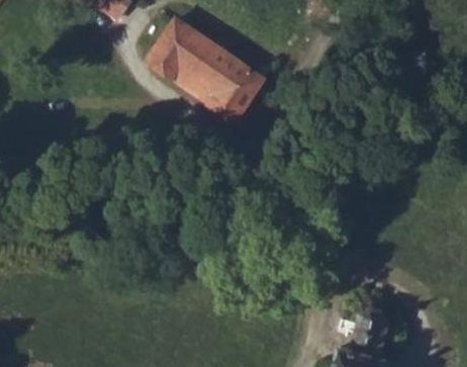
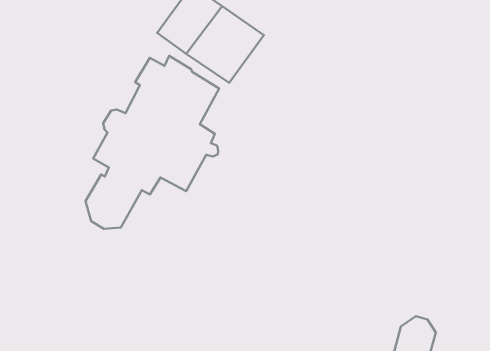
building: [209,62,265,121] -> none
building: none -> [86,56,219,229]

